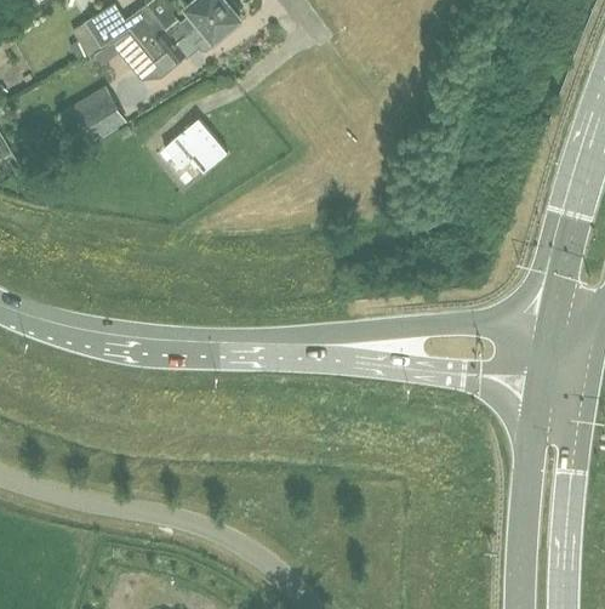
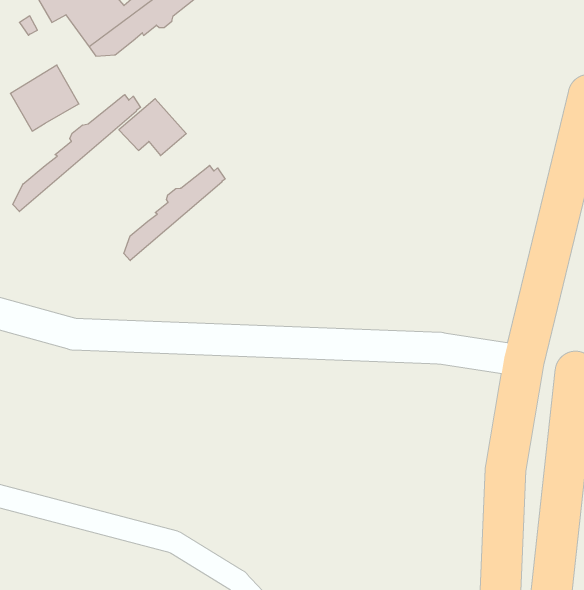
building: none -> [13,95,141,212]
building: none -> [124,165,225,261]

